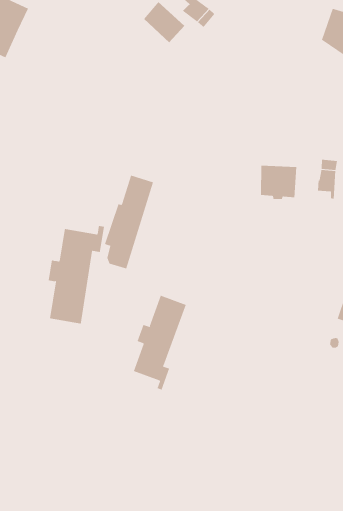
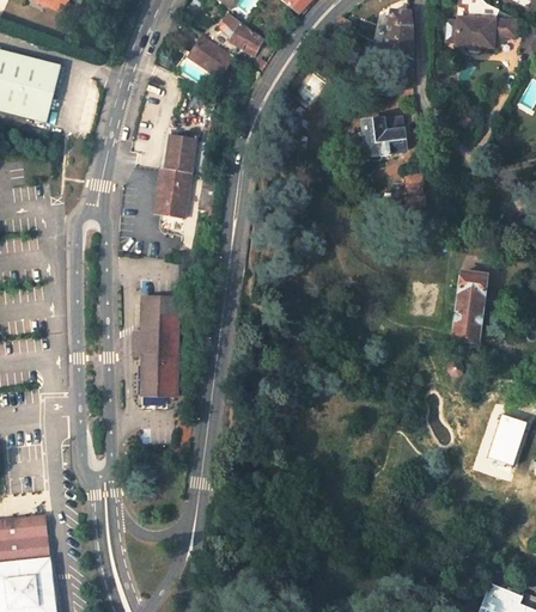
building: [260,165,297,200] -> [361,117,404,157]
building: [104,175,154,269] -> [153,134,195,235]
building: [133,295,187,390] -> none

